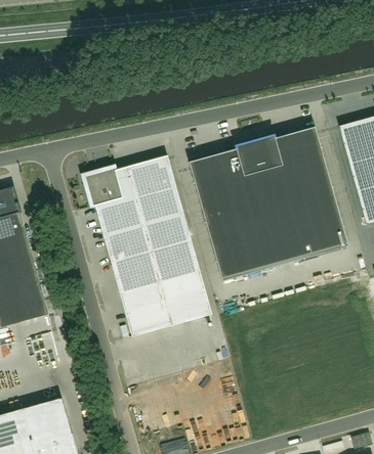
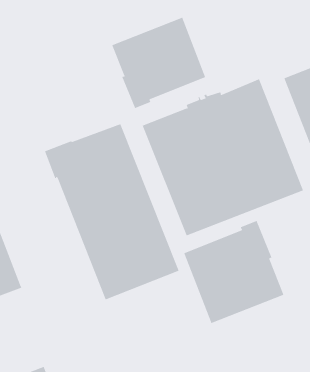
building: none -> [112,17,206,109]
building: none -> [184,220,284,324]

